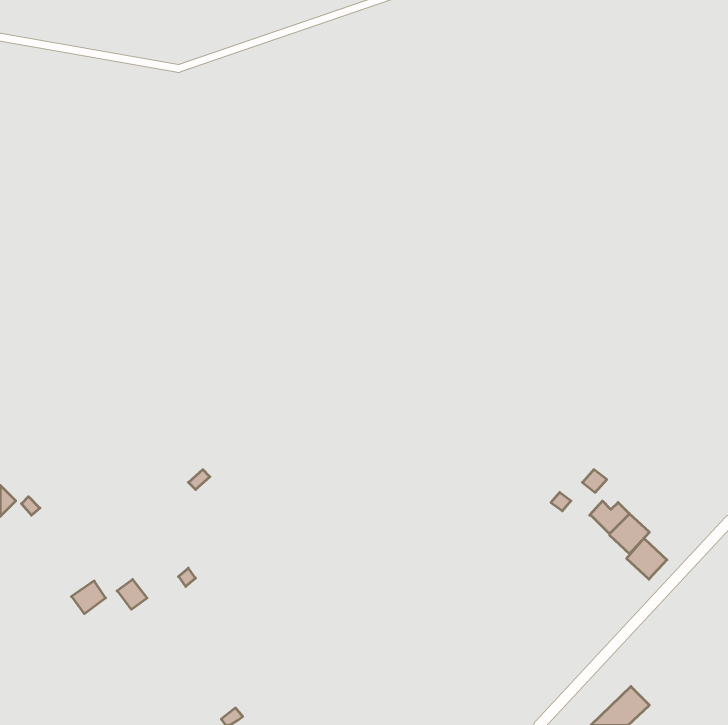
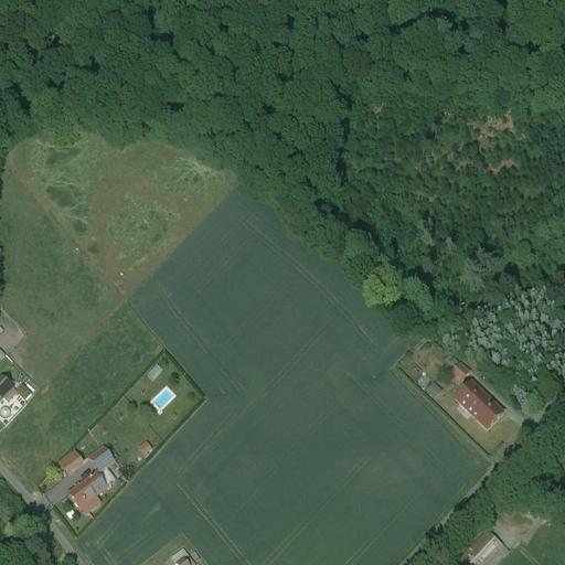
building: [627,539,667,579] -> none
building: none -> [72,473,107,507]

